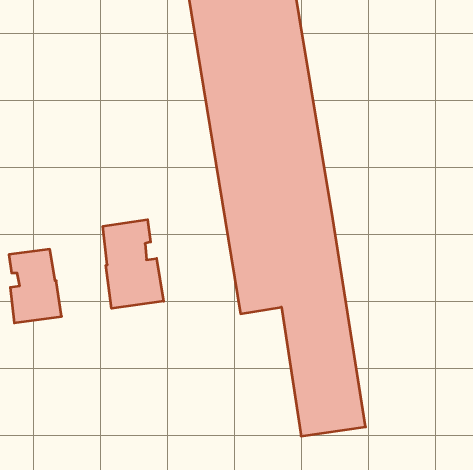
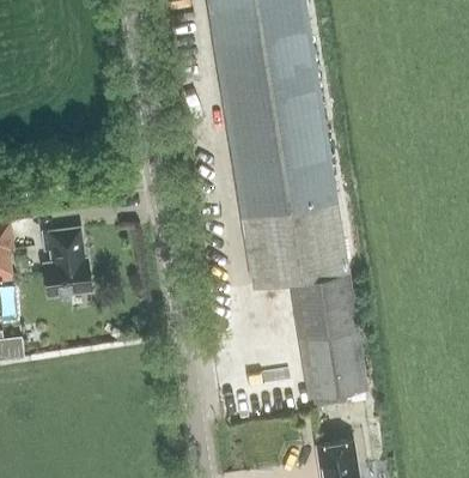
building: [103,220,164,308] -> none

